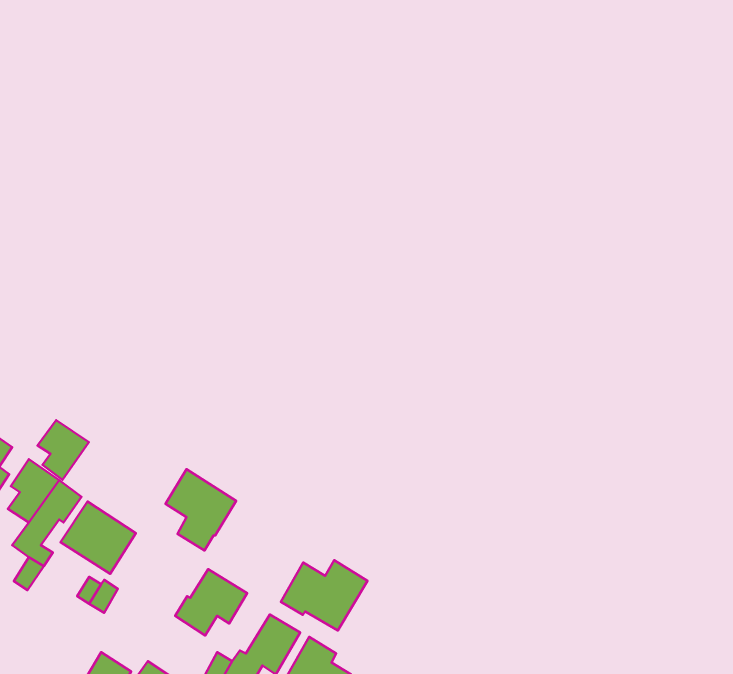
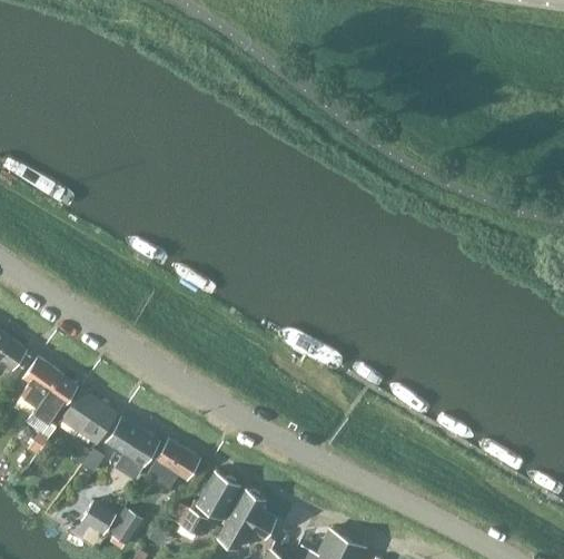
building: [38,420,89,480] -> none
building: [165,469,236,550] -> [107,418,159,478]
building: [281,560,368,631] -> none

